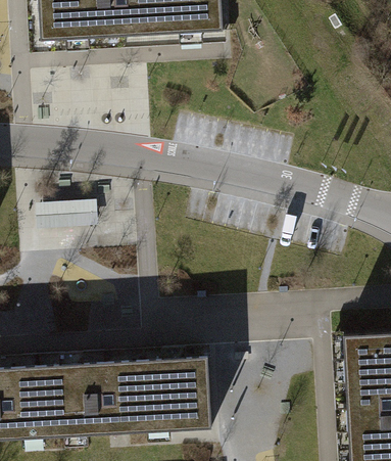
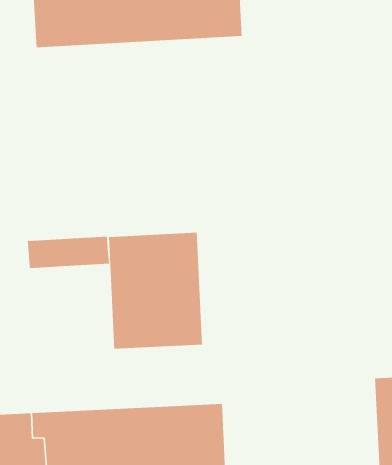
building: none -> [109,232,203,349]

